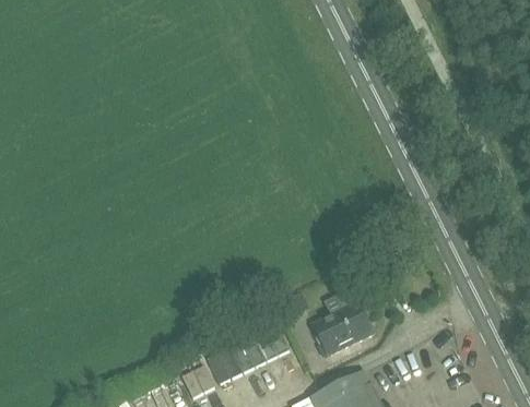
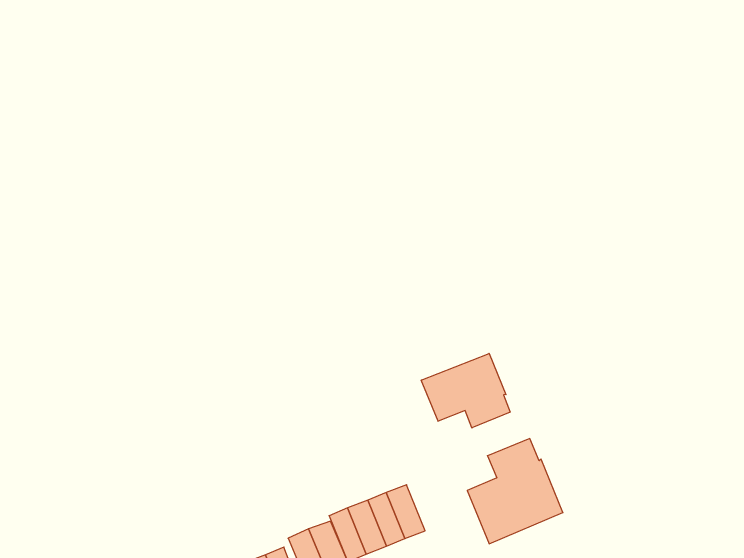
building: none -> [421,353,510,428]

